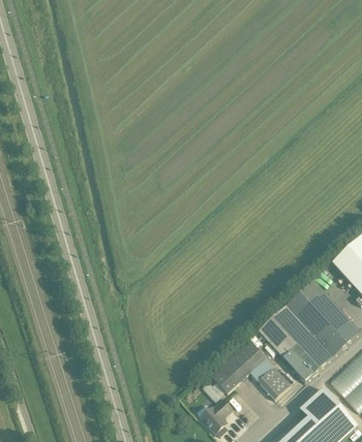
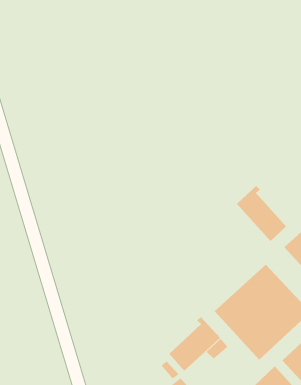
building: none -> [236,185,287,242]
building: [259,367,291,399] -> none

